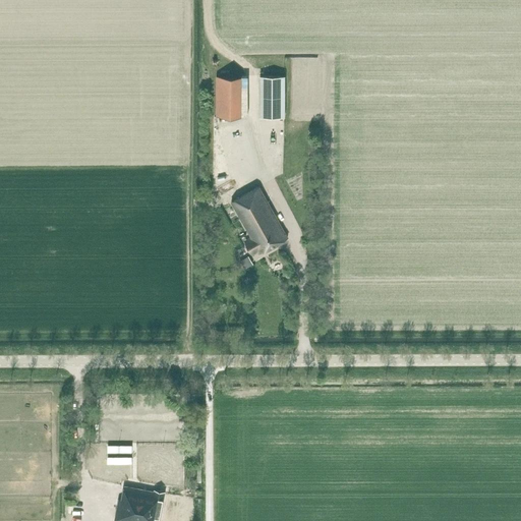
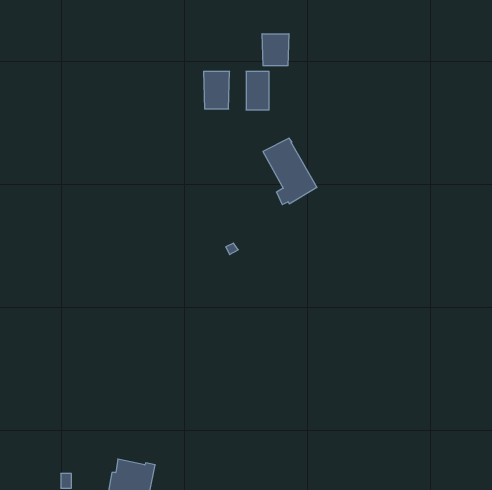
building: none -> [262,34,289,66]
building: [231,188,288,258] -> [263,138,317,205]

